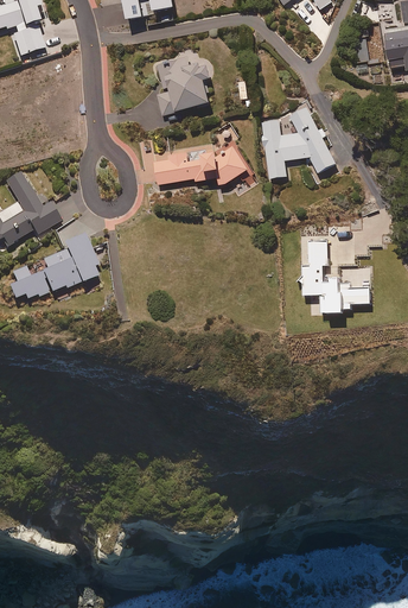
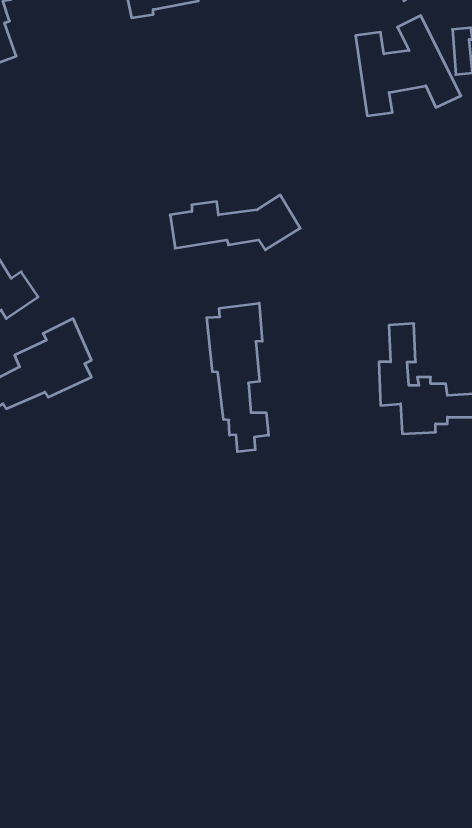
building: [157,55,210,114] -> none
building: [261,106,336,177] -> [356,16,461,116]
building: none -> [207,303,269,452]

